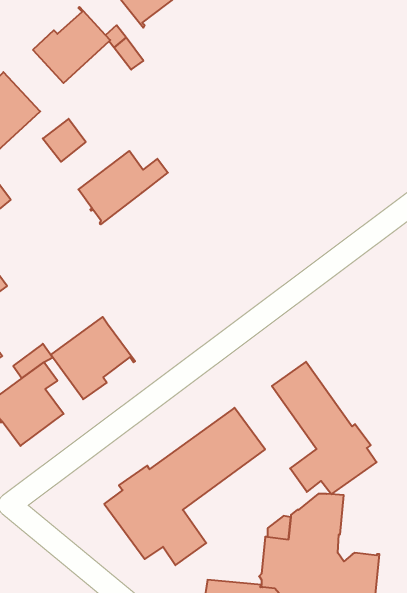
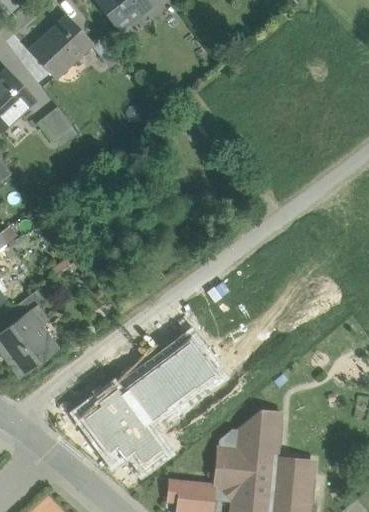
building: [78,151,168,224] -> none
building: [51,317,135,399] -> none
building: [272,362,377,494] -> none

